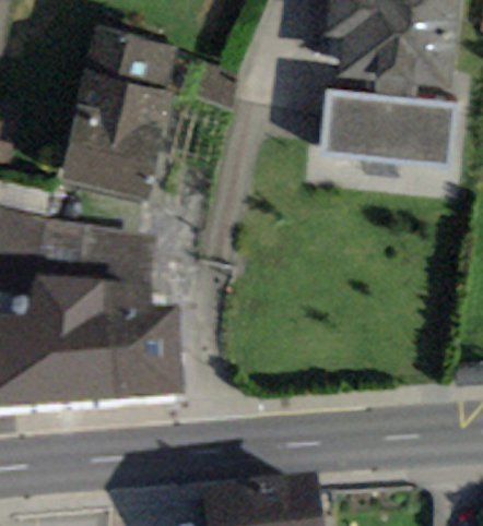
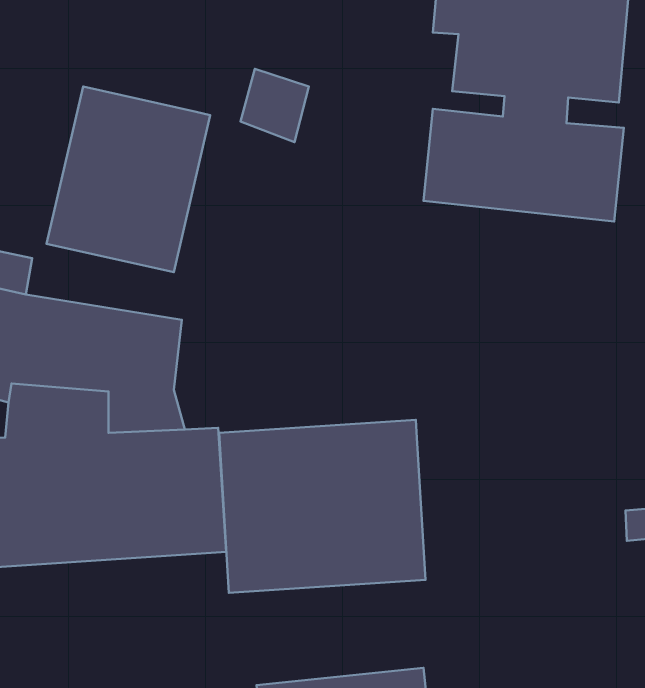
building: [83,29,170,93] -> none
building: none -> [219,420,425,593]

